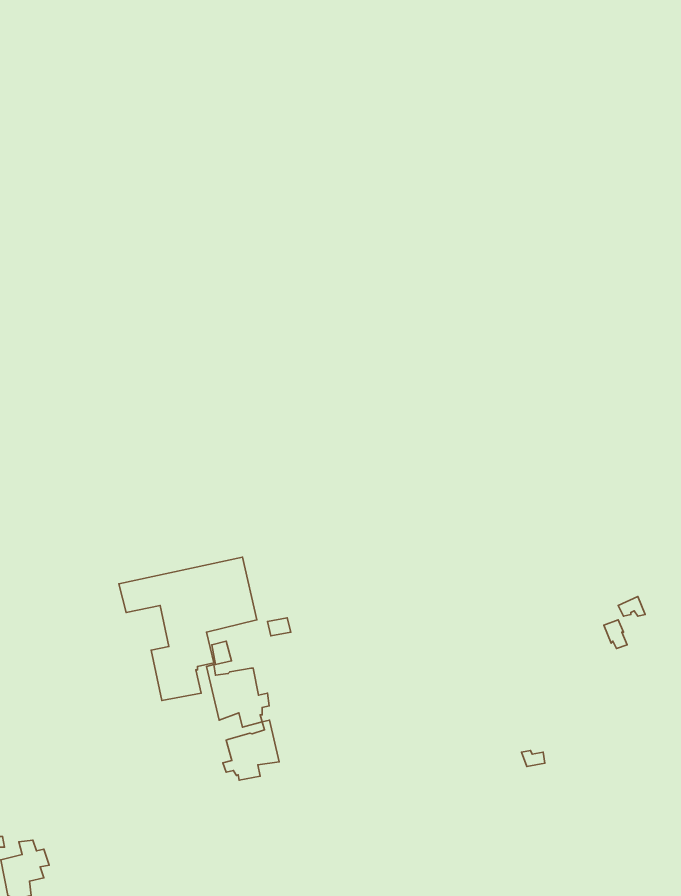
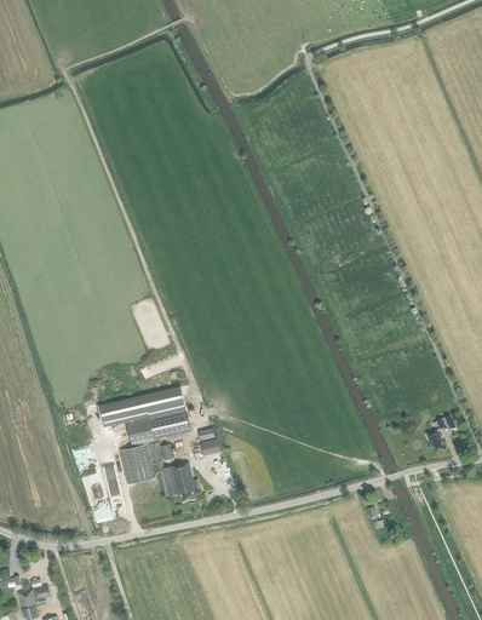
building: [223,720,279,780] -> none

